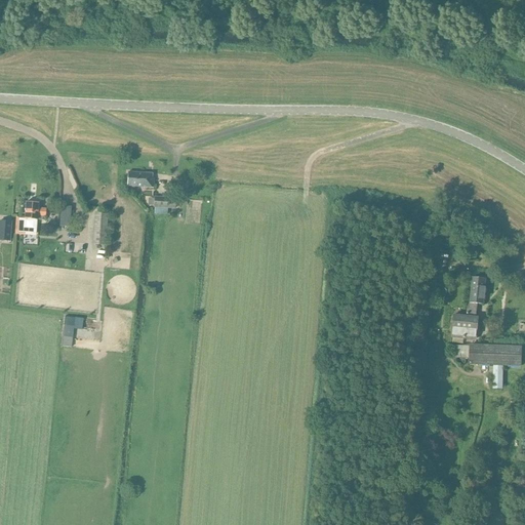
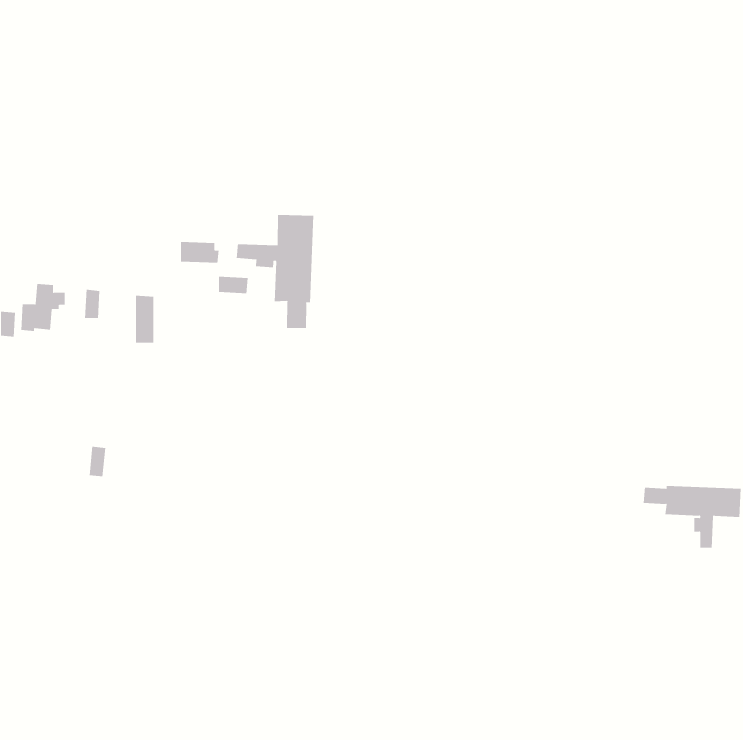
building: none -> [236,214,314,329]
building: [452,276,486,341] -> none

